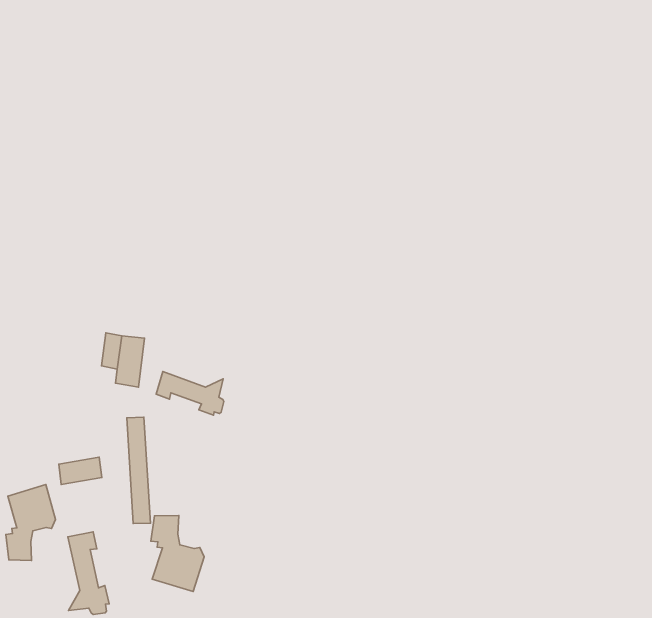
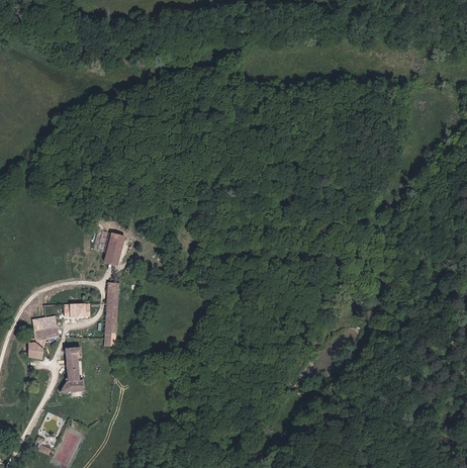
building: [156,372,224,415] -> none
building: [151,516,204,591] -> none

